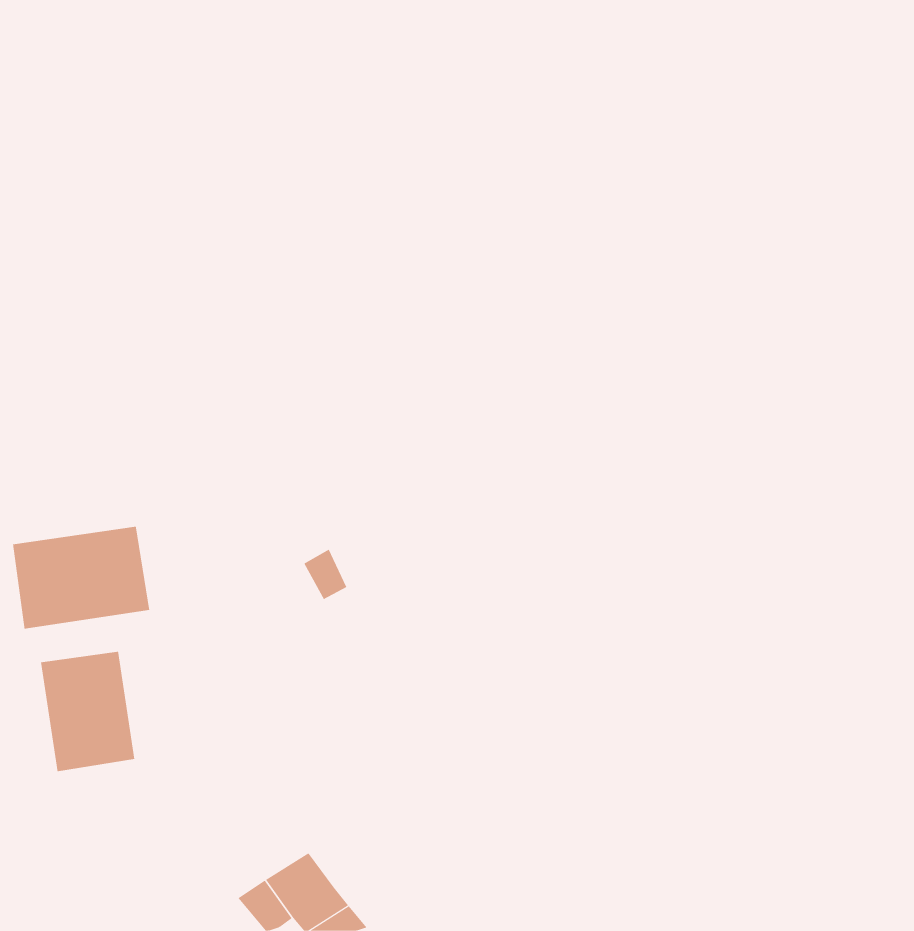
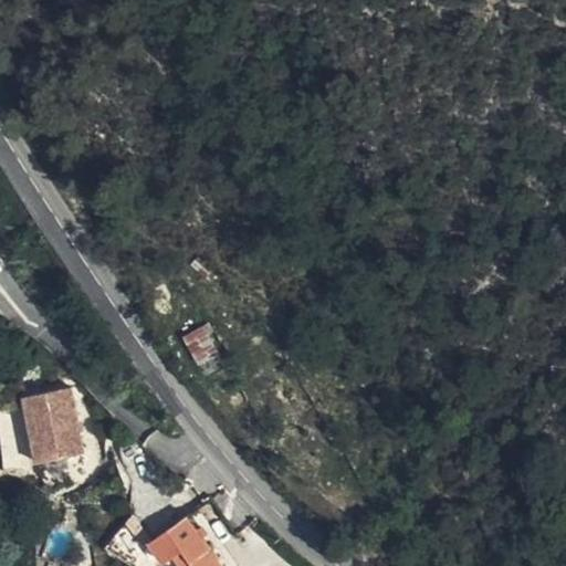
building: [12,526,150,629] -> none

